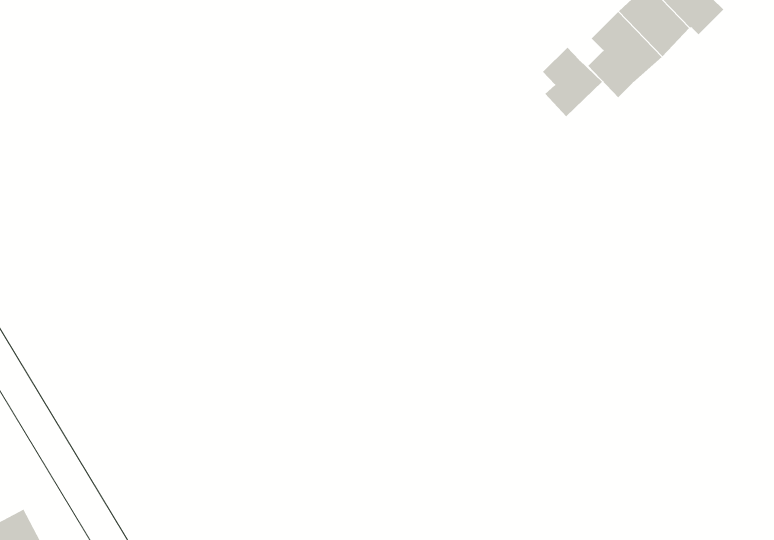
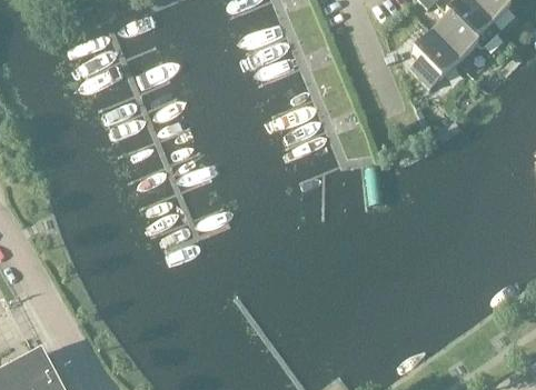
building: [542,47,603,117] -> none

